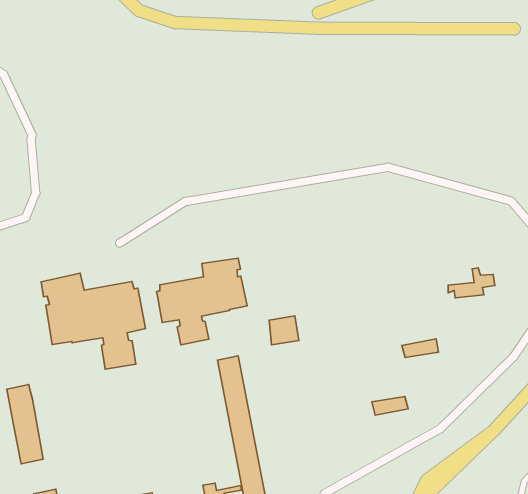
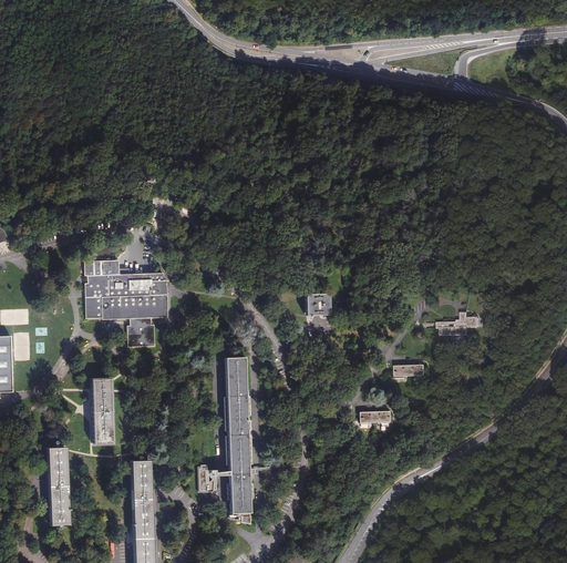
building: [157,258,247,345] -> none
building: [269,316,299,345] -> [301,295,326,317]
building: [7,384,43,464] -> [92,378,114,447]

